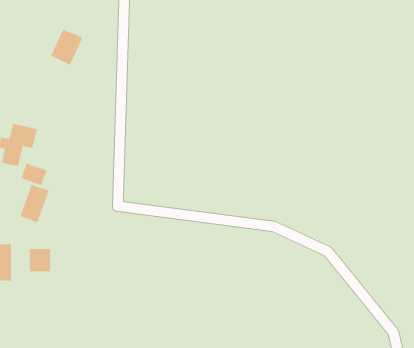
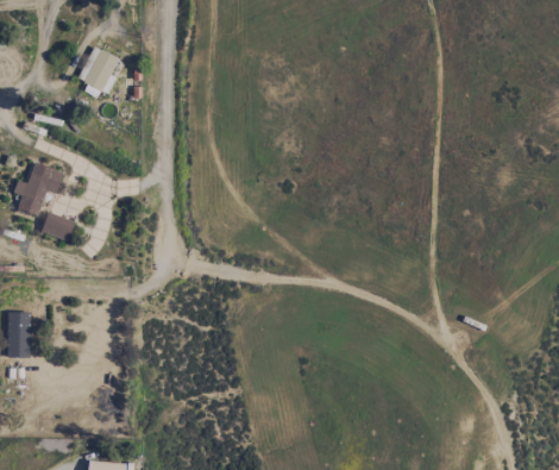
building: [20,184,50,223] -> none
building: [29,248,50,272] -> none

